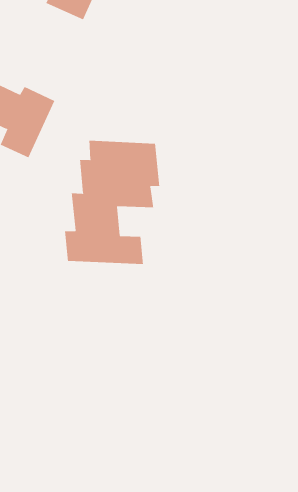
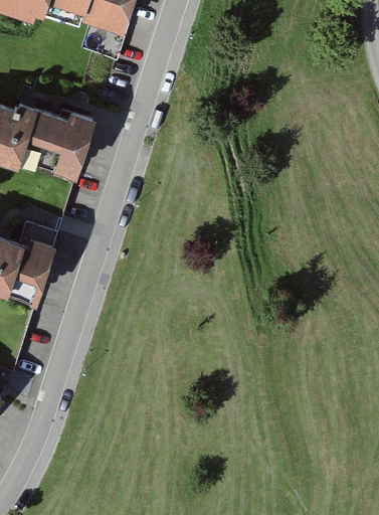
building: [64,140,160,265] -> none

